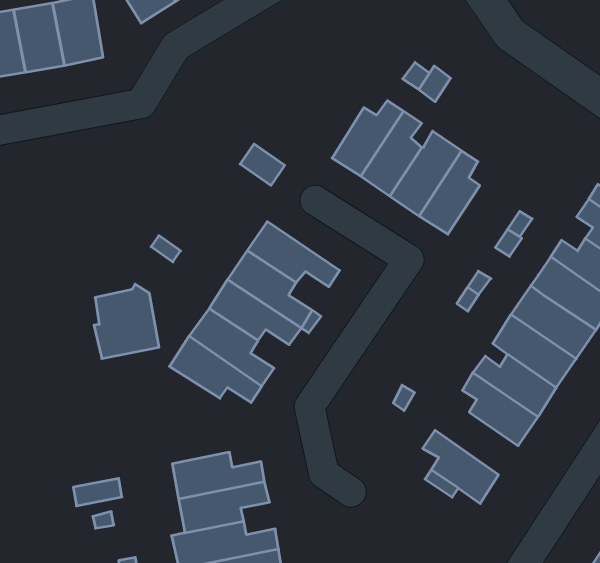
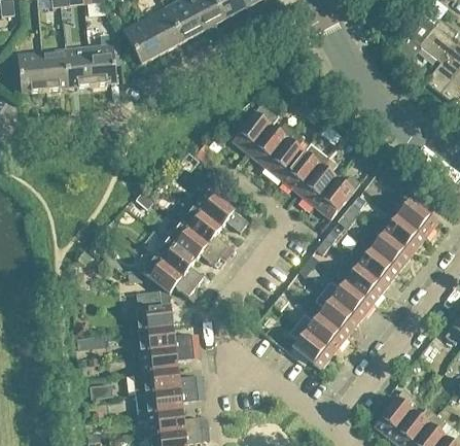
building: none -> [233,104,278,155]
building: none -> [315,175,360,219]
building: [94,284,159,359] -> [135,287,173,331]
building: none -> [297,314,347,353]

